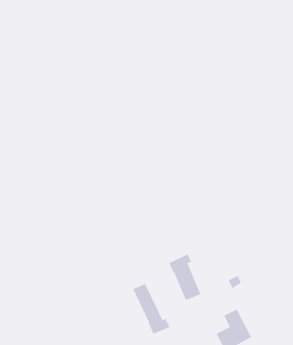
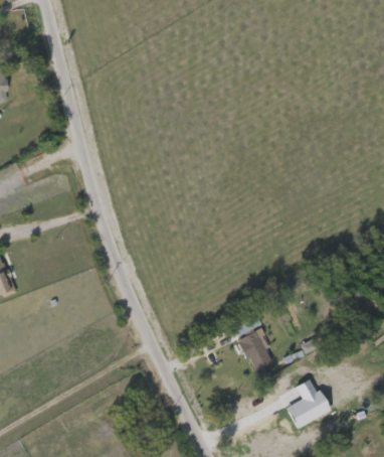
building: [133,283,170,335] -> none

